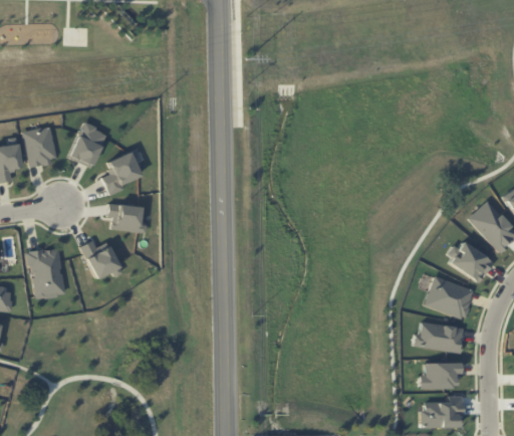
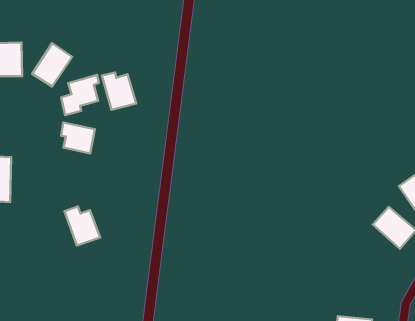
building: none -> [102,73,136,110]
building: [80,240,121,281] -> [65,206,100,246]
building: [425,276,475,319] -> none
building: [414,323,464,353] -> none

